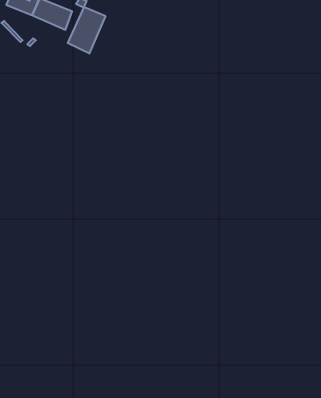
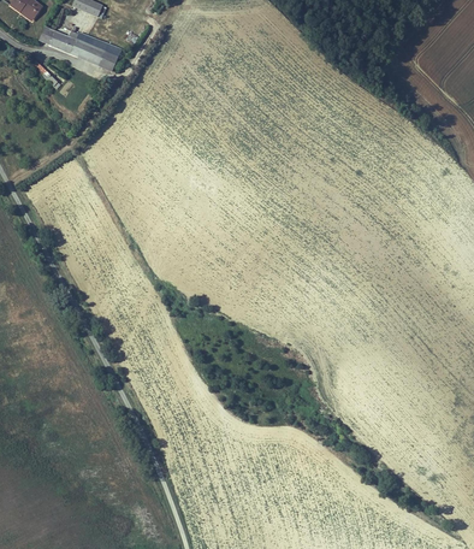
building: [68,7,105,54] -> none

